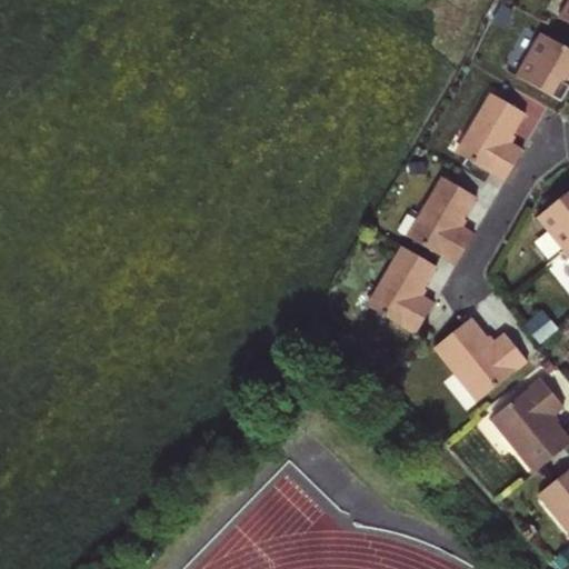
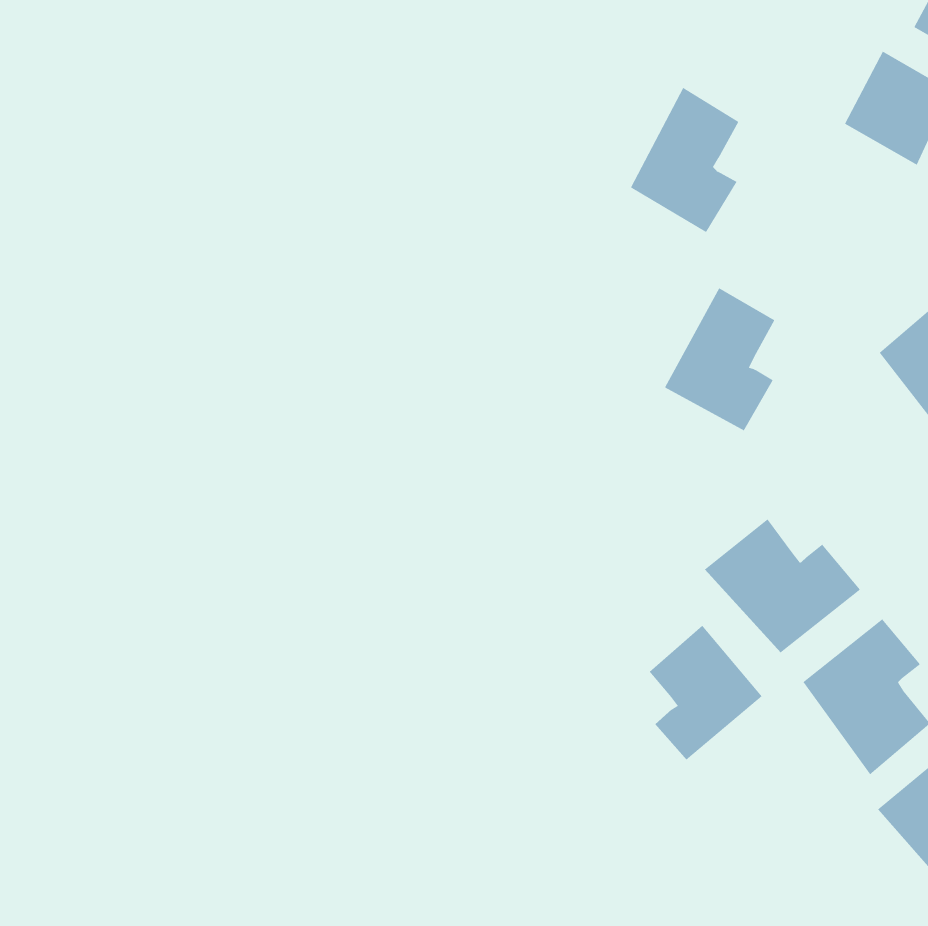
building: [457,91,523,180] -> [630,87,739,233]
building: [368,246,436,333] -> none
building: none -> [649,625,762,760]

